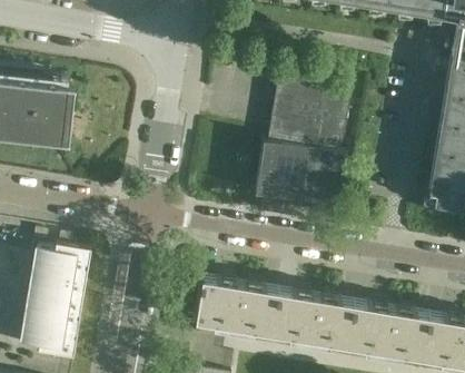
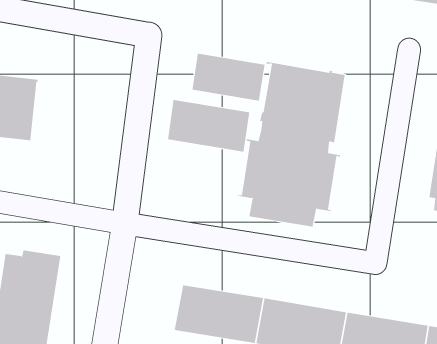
building: none -> [192,53,265,102]
building: none -> [167,99,250,153]

